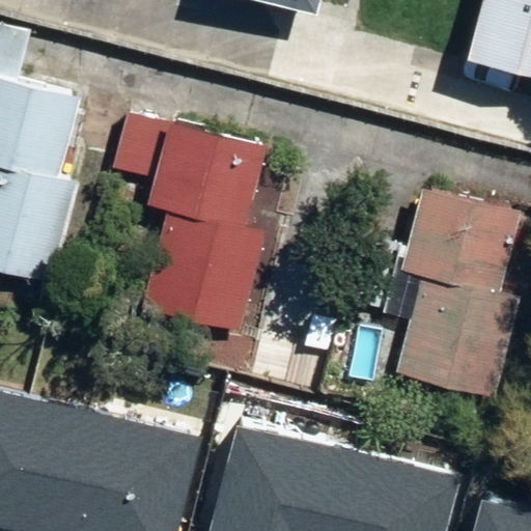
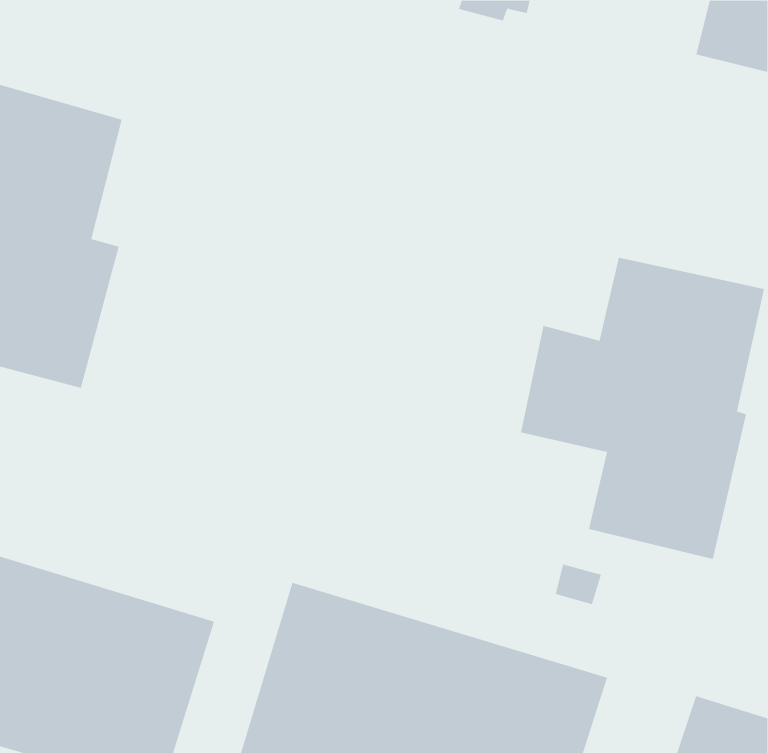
building: [114,107,270,331] -> none

